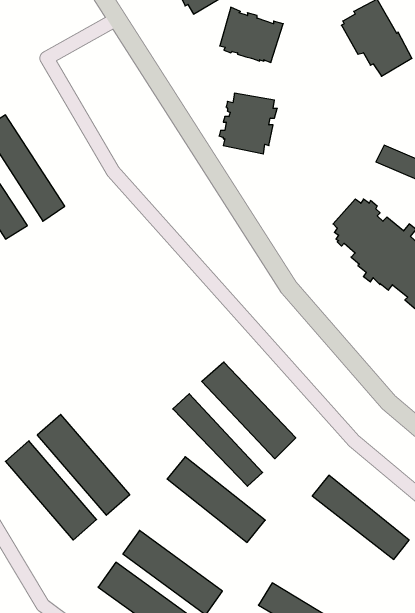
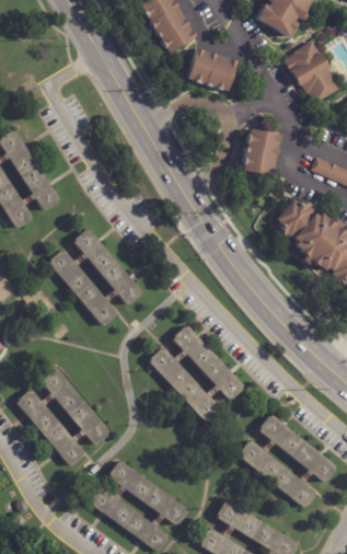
building: [219,93,277,154] -> [236,126,282,174]
building: none -> [76,227,148,304]
building: none -> [48,247,120,325]
building: [167,457,265,542] -> [239,440,316,508]

